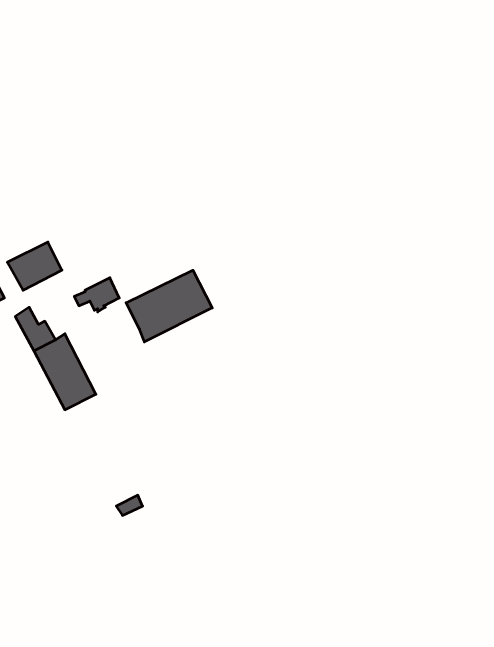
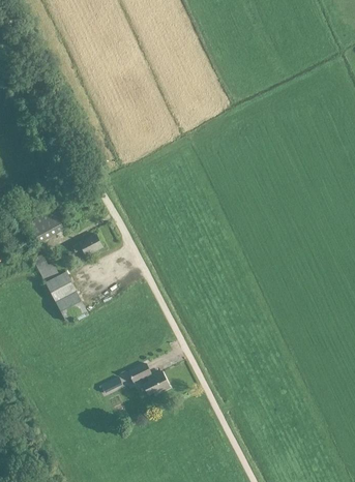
building: [126,270,212,342] -> none
building: none -> [127,363,169,394]

